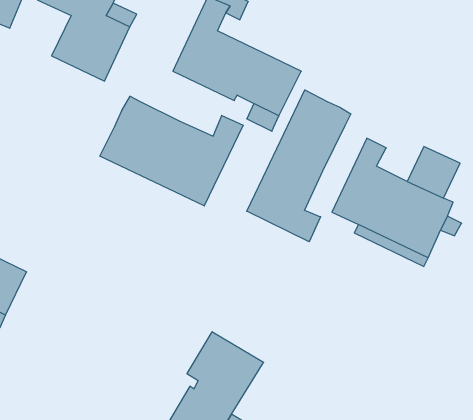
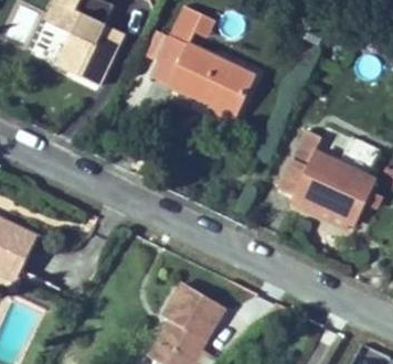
building: [247,90,351,242] -> none
building: [100,96,243,206] -> none

